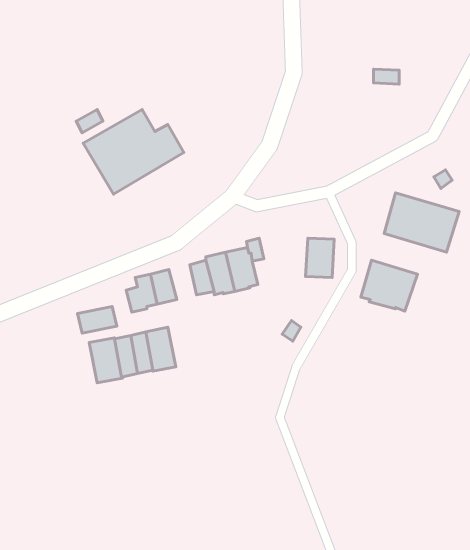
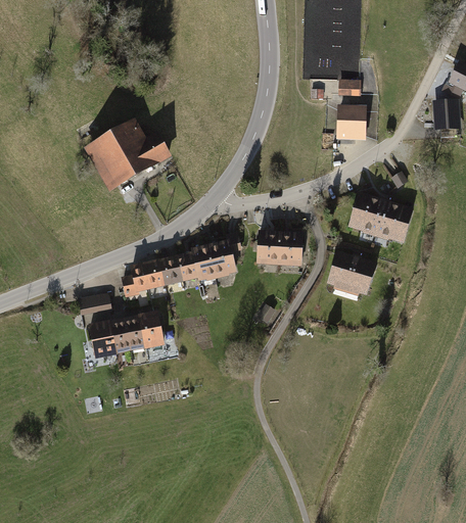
building: none -> [336,104,367,140]
building: none -> [255,231,280,266]
building: none -> [157,255,182,286]

